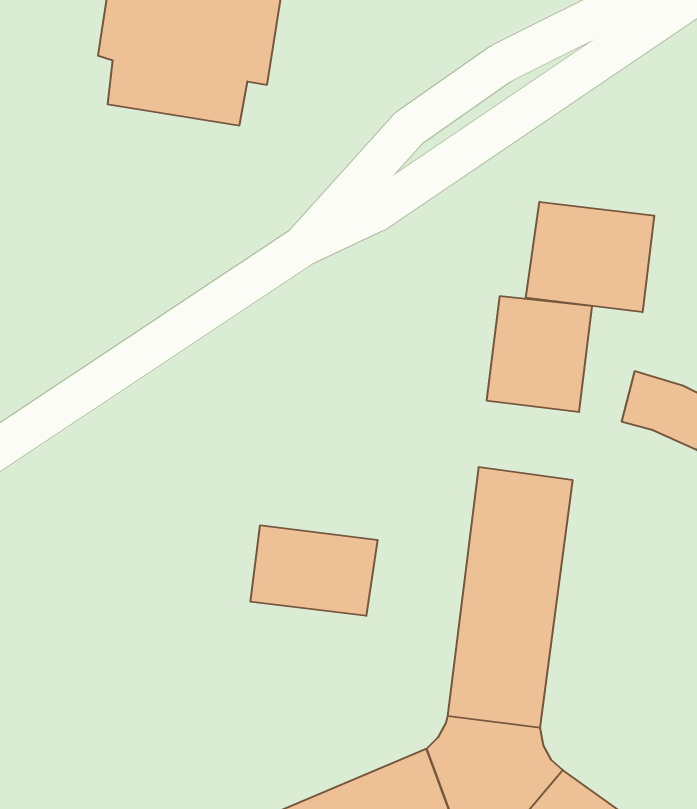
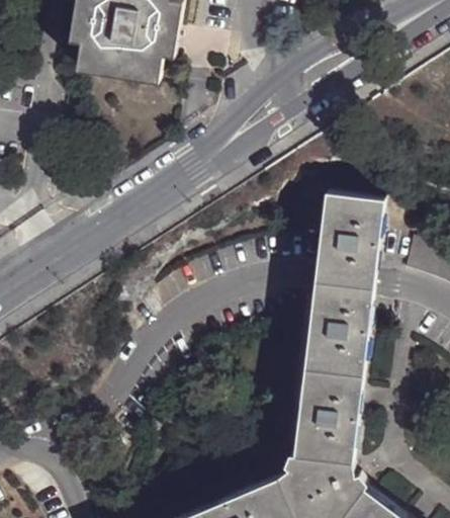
building: [526,202,654,312] -> none
building: none -> [311,257,374,307]
building: [250,525,378,616] -> none

